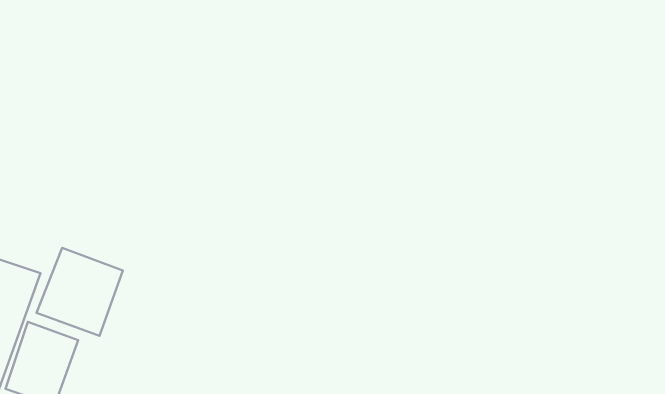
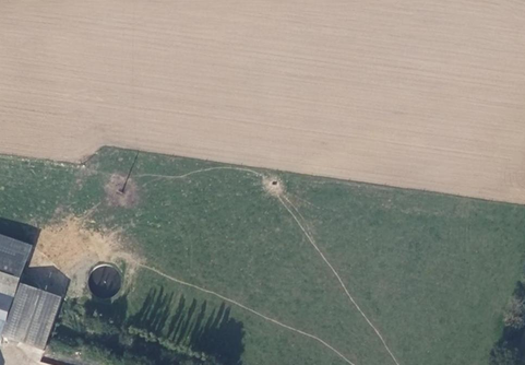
building: [36,248,123,336] -> none

